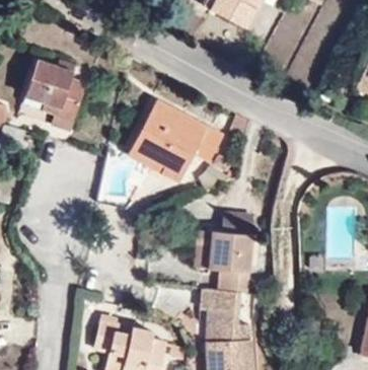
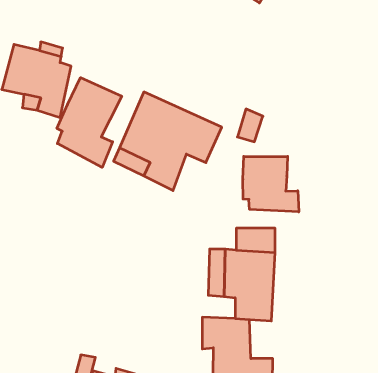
building: none -> [57,78,122,167]
building: none -> [243,156,299,212]

